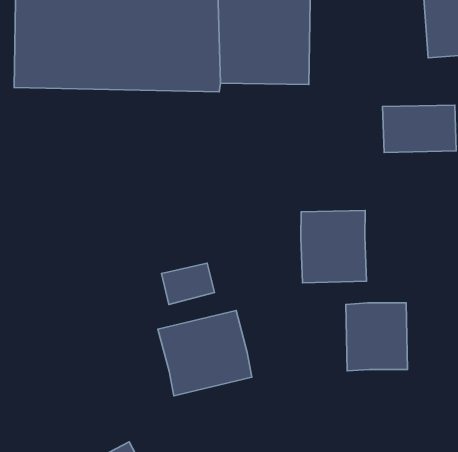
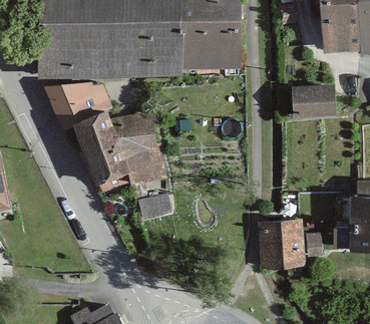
building: none -> [43,80,163,195]
building: [301,210,367,283] -> none
building: [158,310,252,396] -> none

